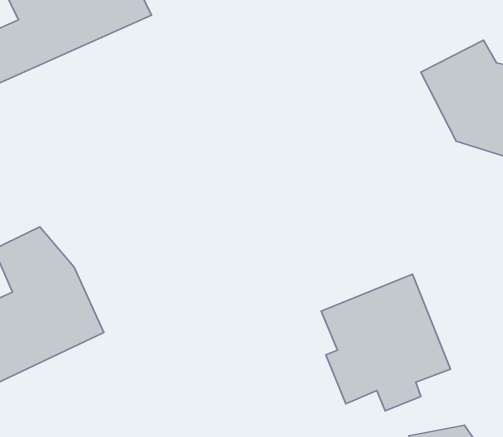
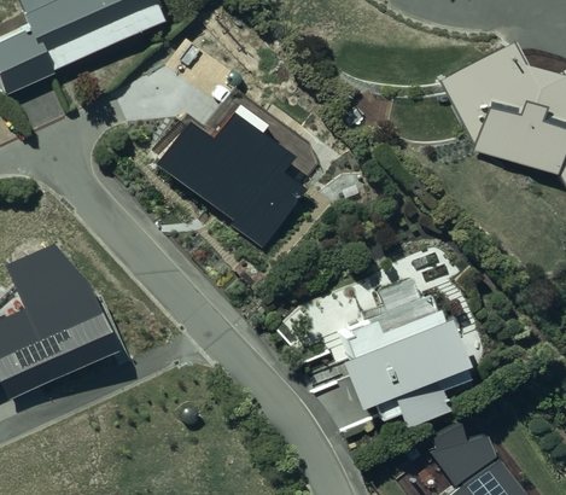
building: none -> [133,100,339,249]

